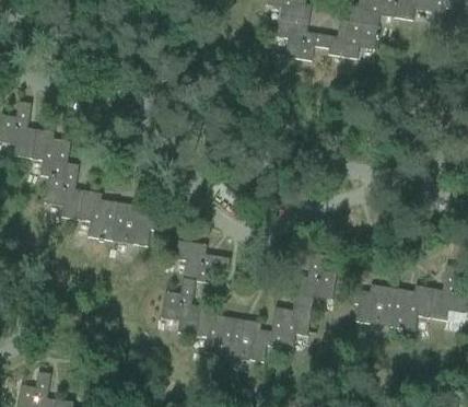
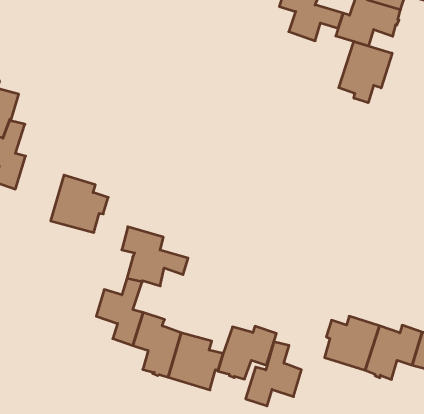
building: none -> [339,41,392,103]
building: [80,190,118,241] -> none
building: [294,253,337,306] -> [246,342,301,406]

